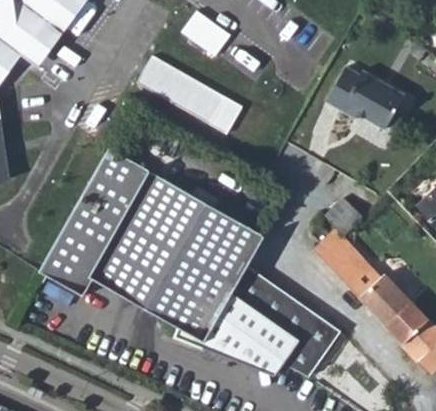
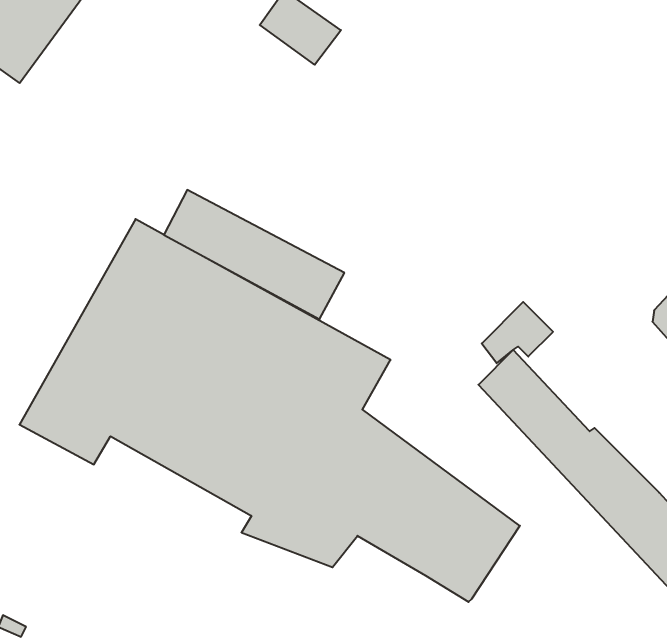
building: [135,57,244,135] -> [164,190,344,319]
building: [327,67,404,129] -> none
building: [228,339,284,377] -> none

